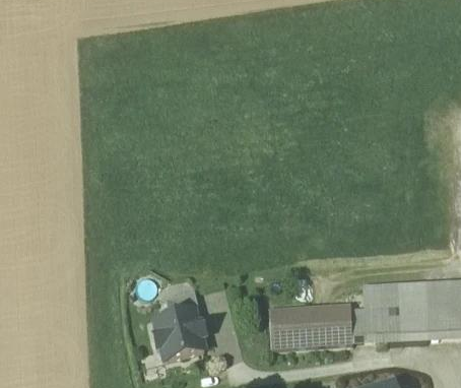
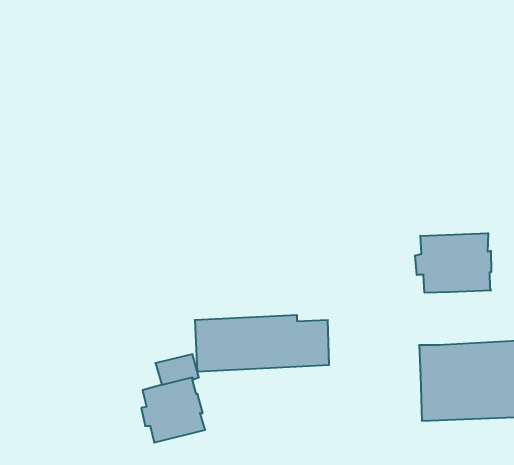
building: none -> [415,233,491,293]
building: [269,304,376,348] -> [195,315,329,371]

